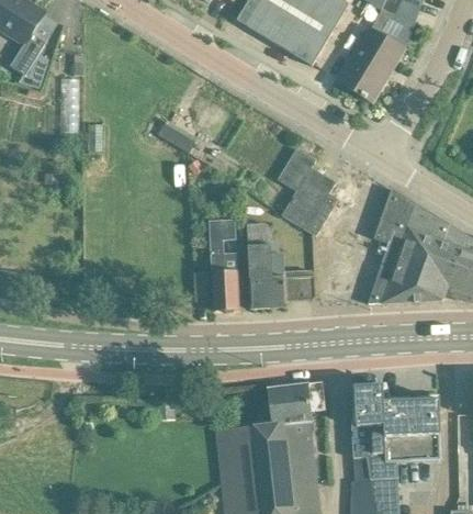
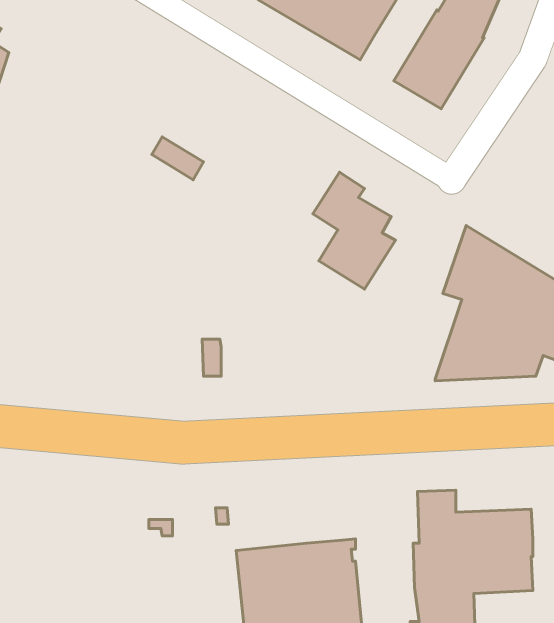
building: [209,220,239,310] -> none
building: [247,223,315,309] -> none
building: [268,382,324,424] -> none

